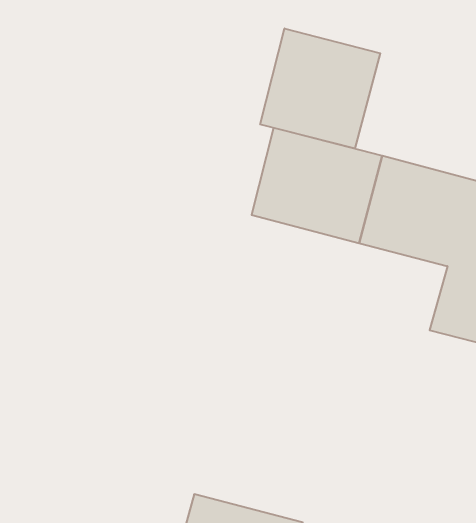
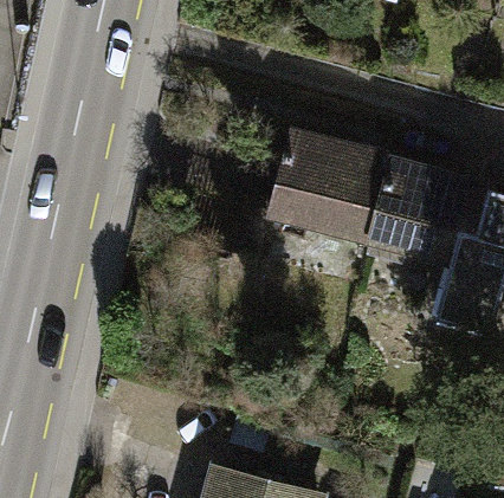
building: [260,28,380,149] -> none

